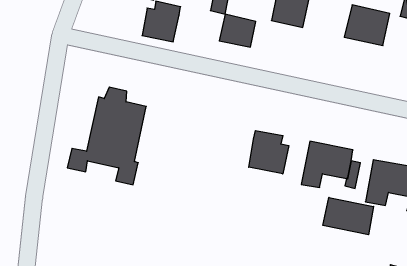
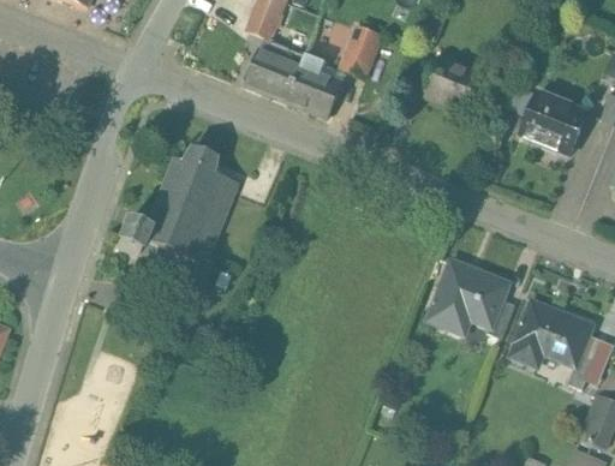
building: [219,14,256,47] -> [287,64,341,114]
building: [249,131,289,174] -> none
building: [323,197,374,235] -> none

